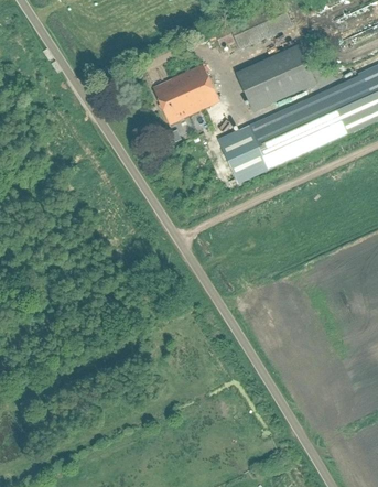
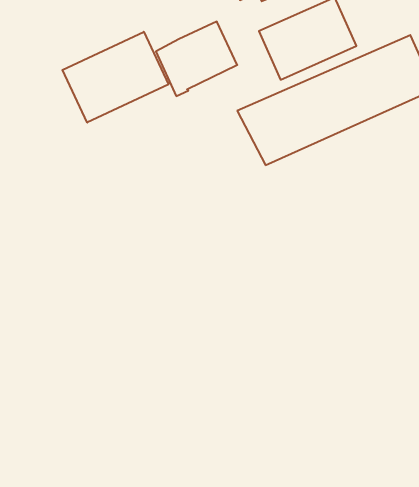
building: none -> [62,32,168,123]

